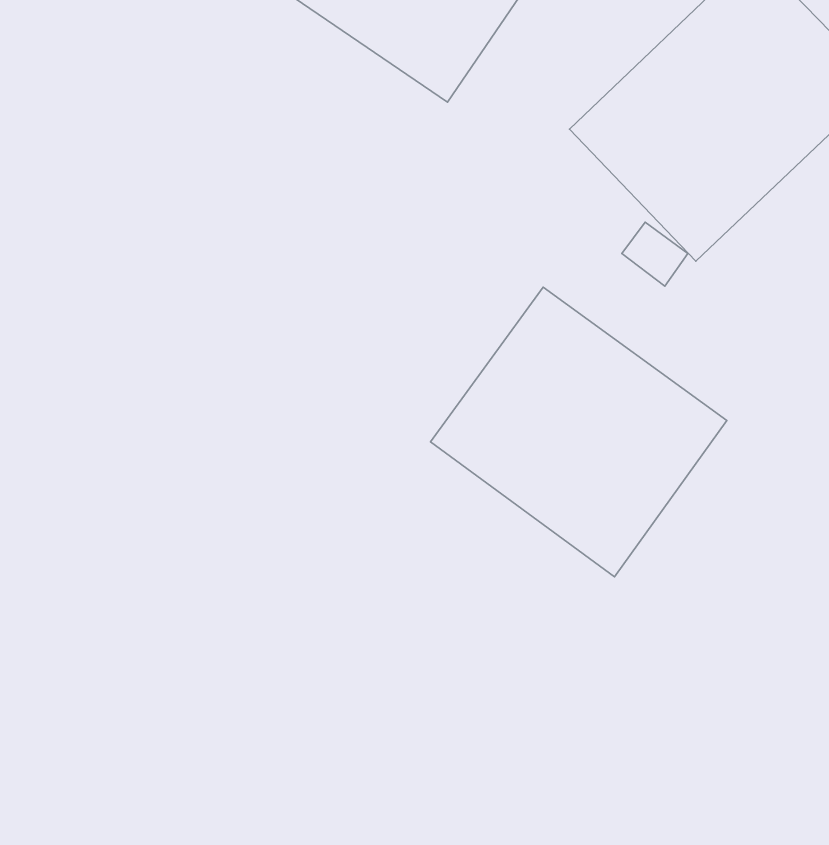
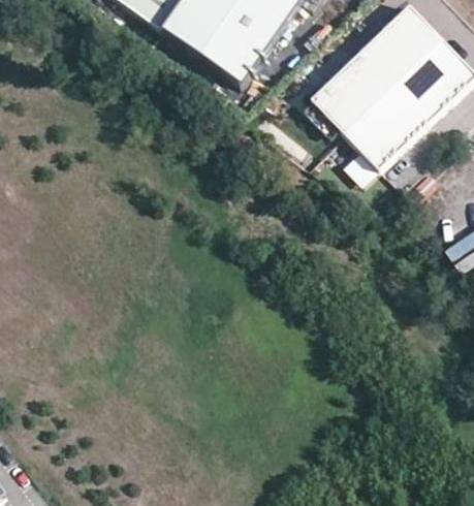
building: [430,287,727,577] -> none

